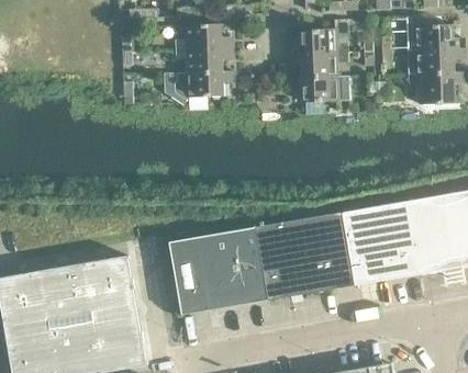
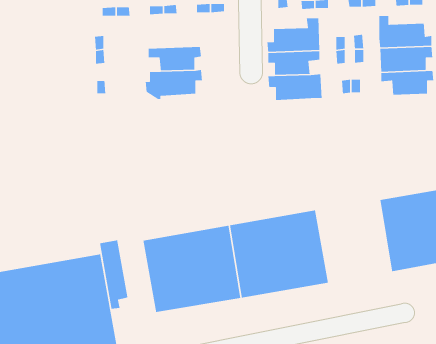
building: [175,23,227,49] -> none
building: [343,201,419,284] -> none
building: none -> [99,240,130,310]

